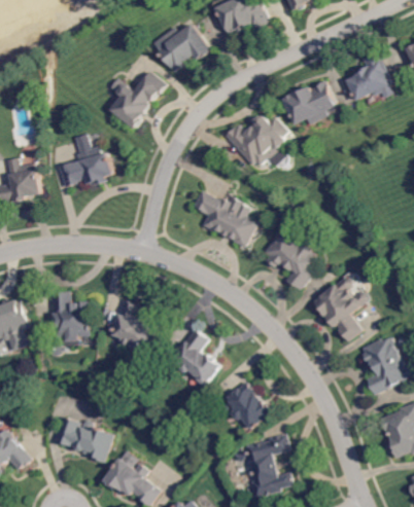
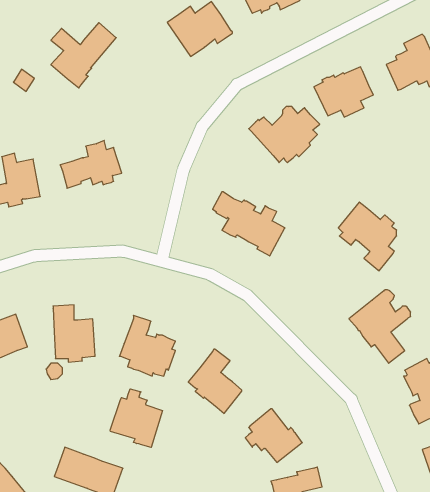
building: [108,72,166,130] -> [51,23,116,88]
building: [264,228,315,289] -> [338,202,397,271]
building: none -> [110,389,163,447]

